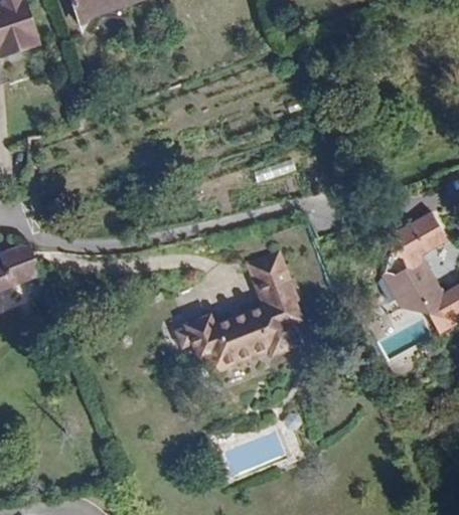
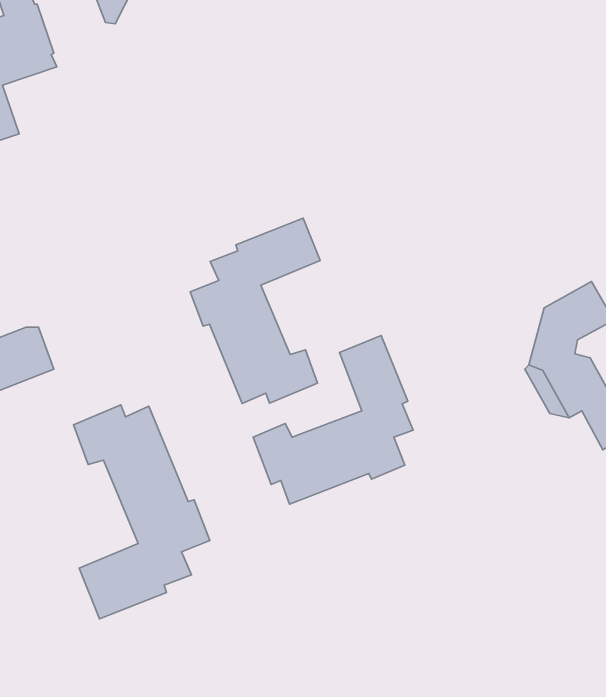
building: none -> [190,218,320,404]
building: none -> [73,405,210,619]

